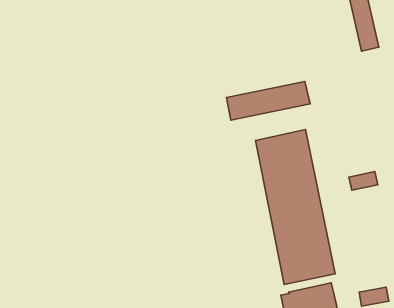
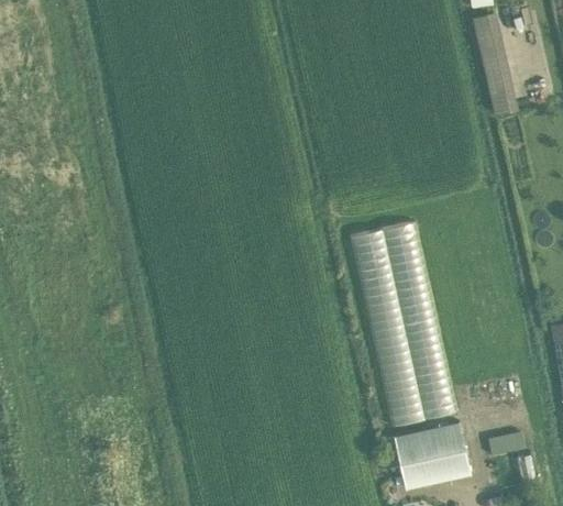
building: [227,82,310,120] -> none
building: [349,172,378,190] -> none

